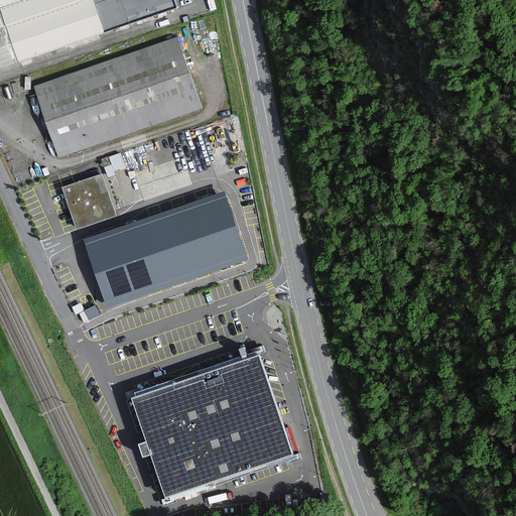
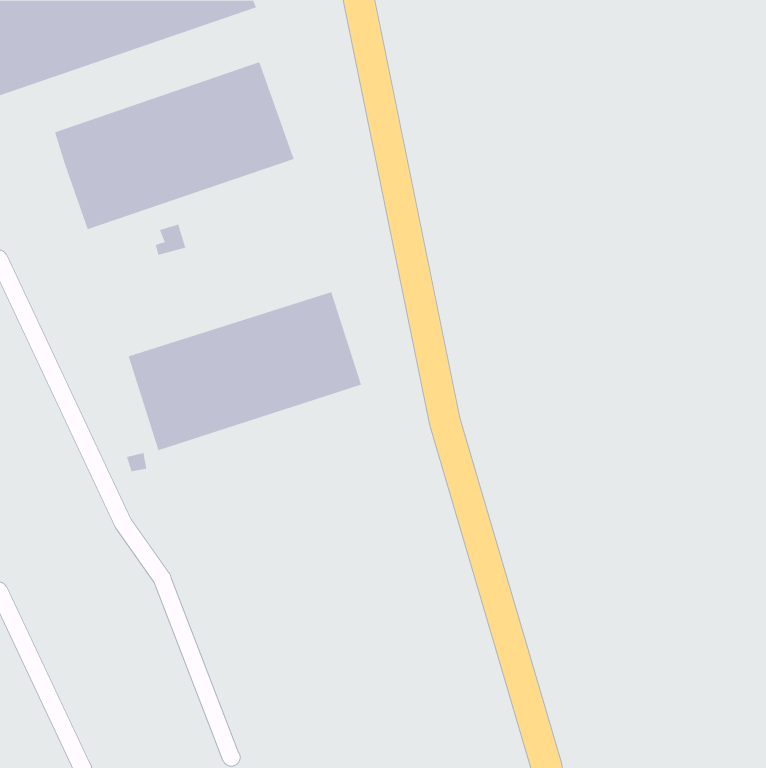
building: [63,175,117,227] -> none
building: [133,358,290,496] -> none

